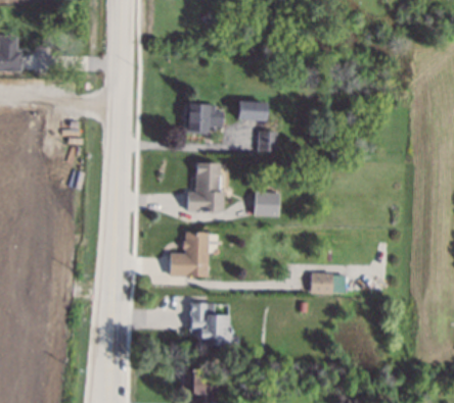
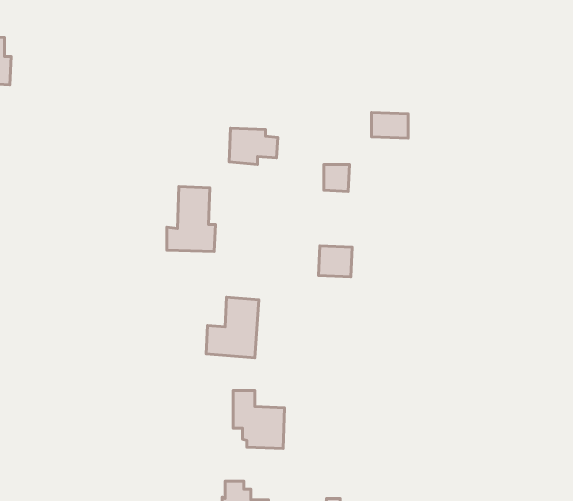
building: [238,101,266,120] -> [372,112,408,138]
building: [187,162,224,211] -> [167,187,215,251]
building: [311,272,333,295] -> none

